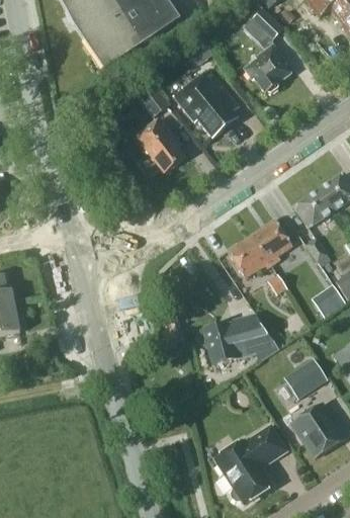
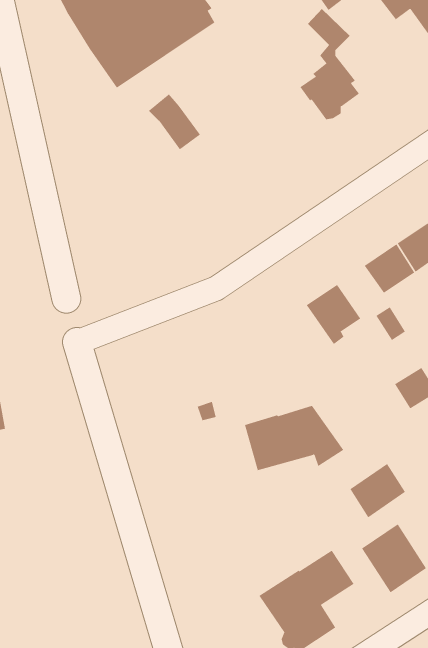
building: [174,68,239,137] -> none
building: [134,117,185,173] -> none
building: [227,236,271,278] -> none

